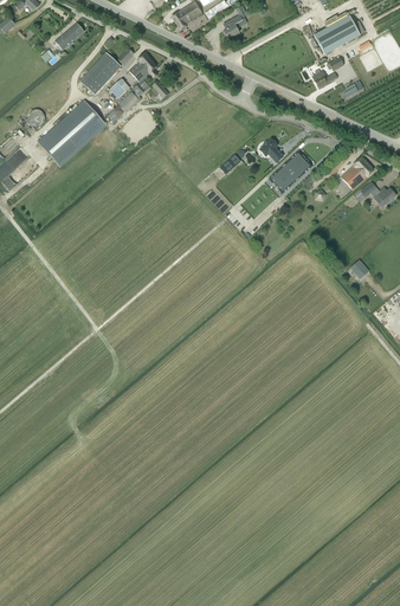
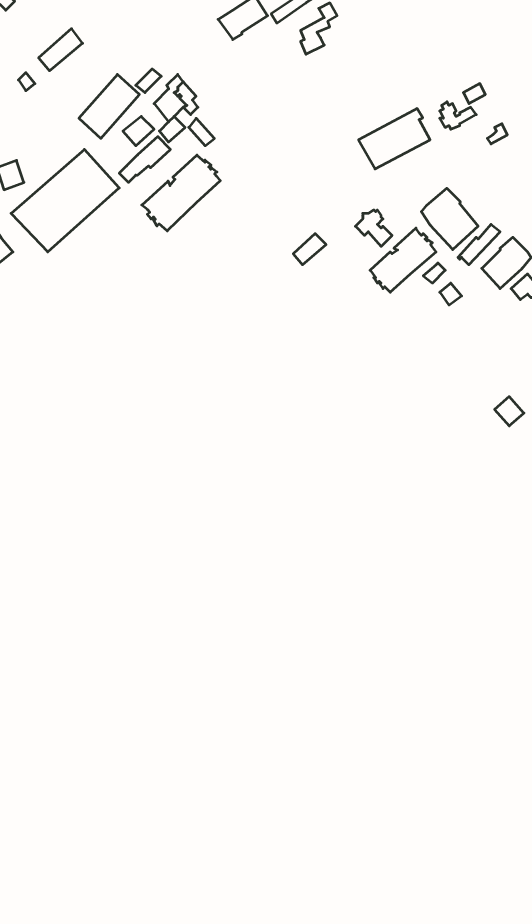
building: [314,14,360,53] -> [359,109,430,169]
building: none -> [142,155,220,231]
building: none -> [421,188,478,250]

